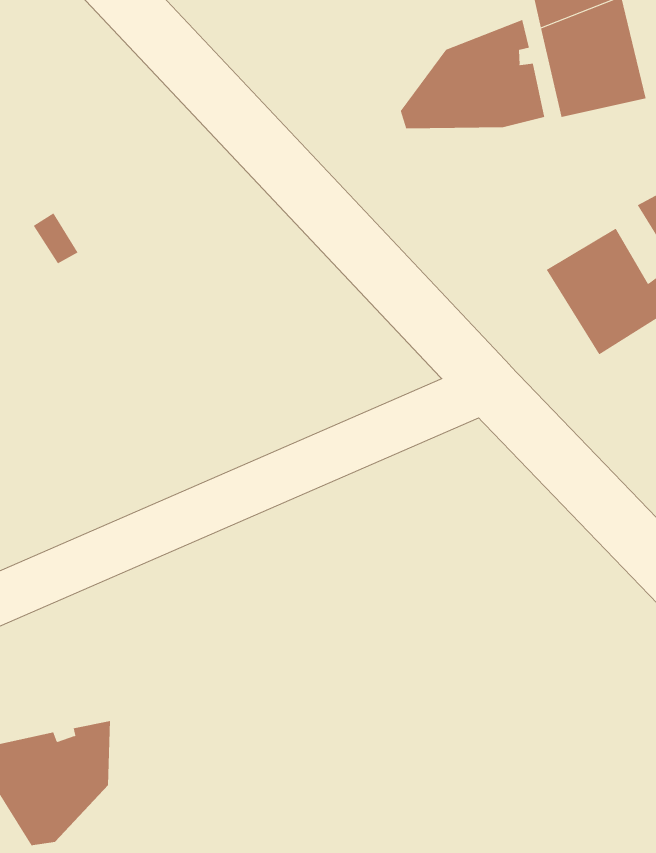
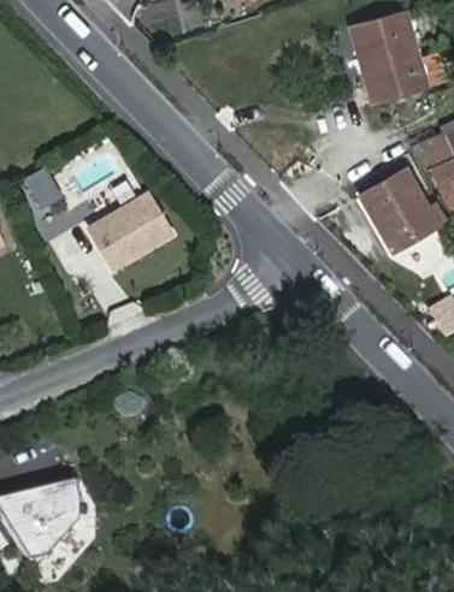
building: [400,19,545,129] -> none
building: none -> [92,191,171,265]

